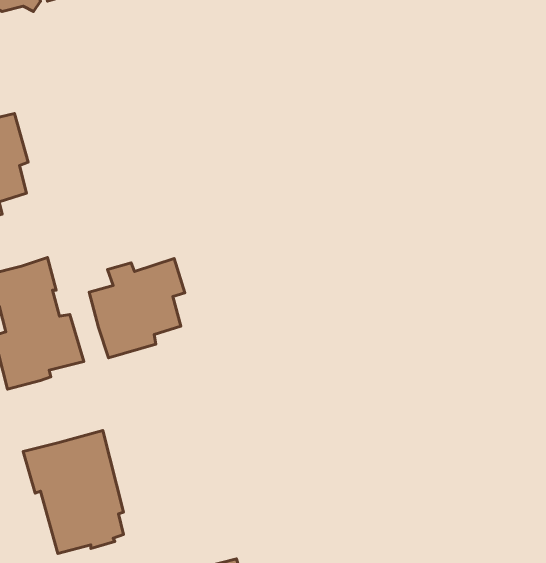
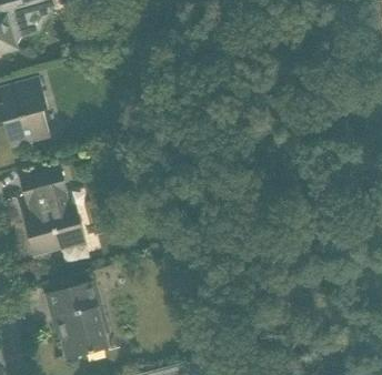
building: [89,259,185,358] -> none

